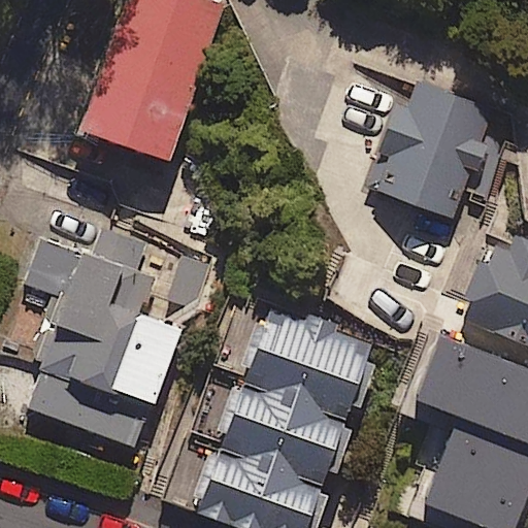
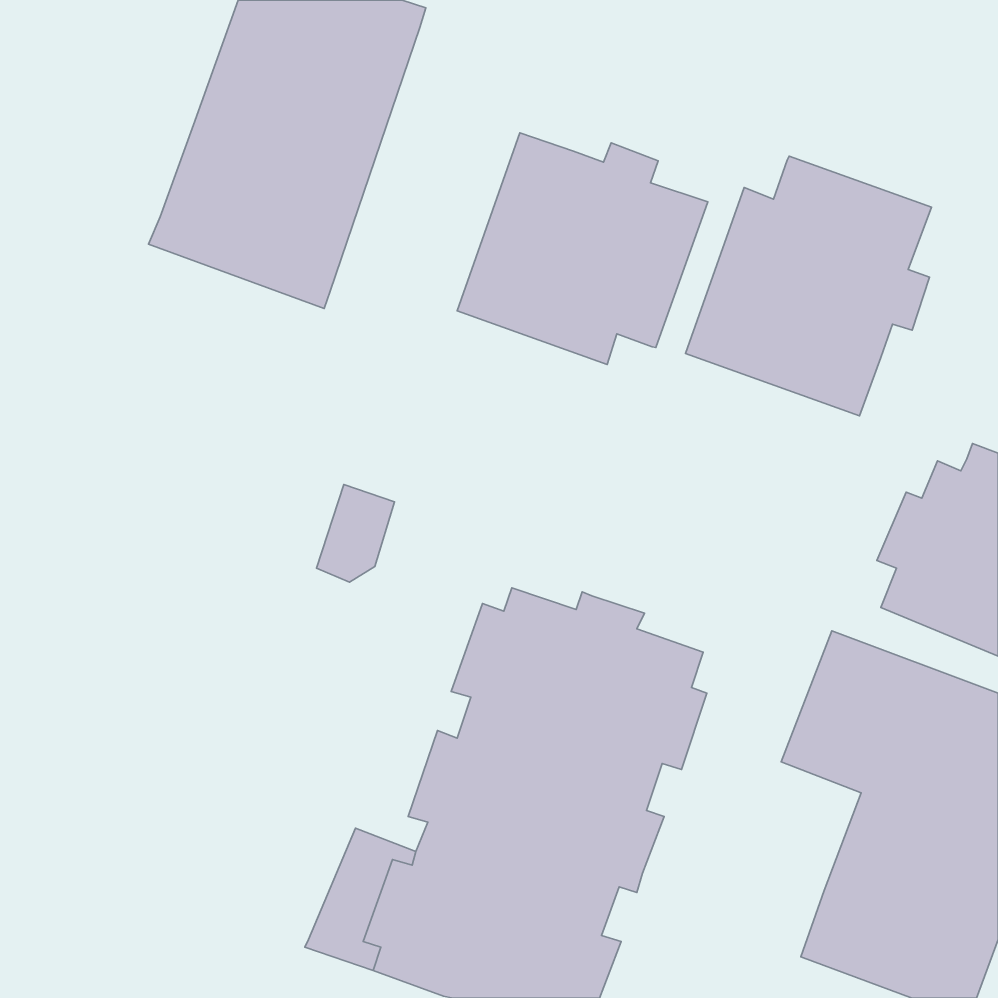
building: none -> [457,133,708,365]
building: [24,229,180,452] -> none

